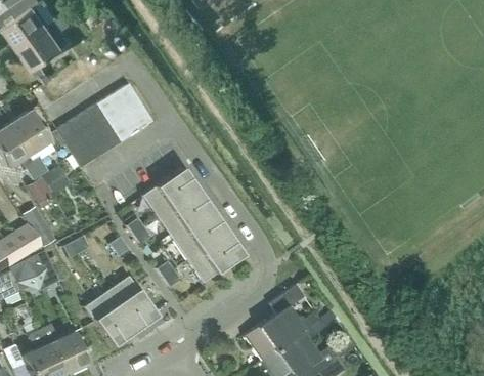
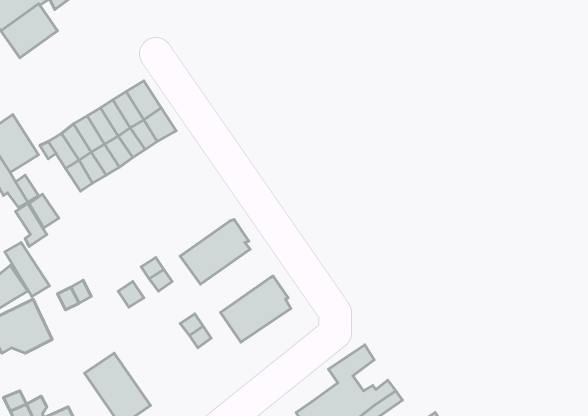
building: [143,166,195,216] -> none
building: [173,210,226,259] -> none
building: [107,275,156,330] -> none

